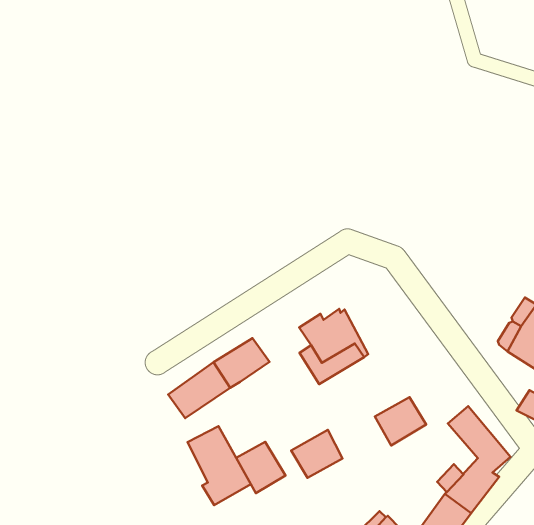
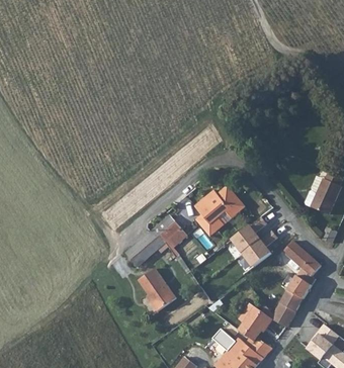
building: none -> [218,188,245,218]
building: [291,430,342,478] -> [231,224,260,253]
building: [236,442,285,493] -> none

